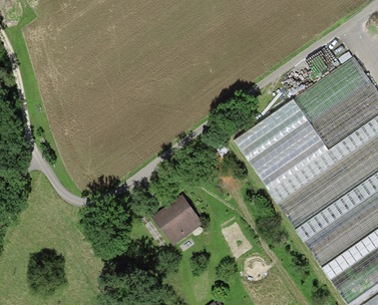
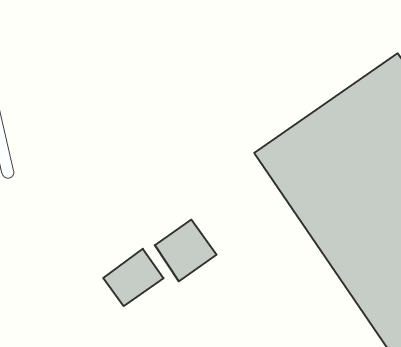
building: none -> [103,249,164,306]

